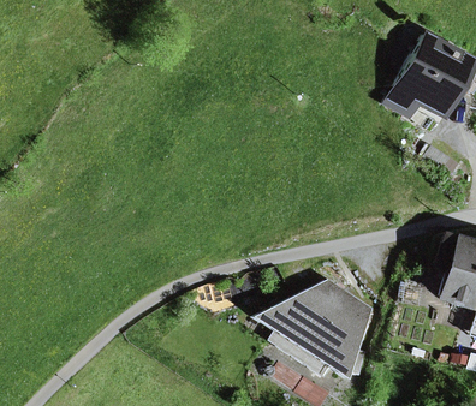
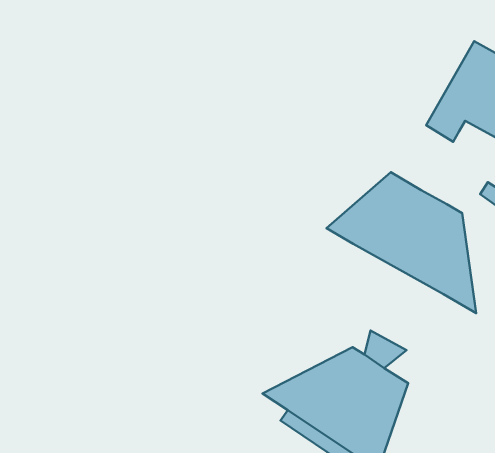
building: none -> [326,172,476,313]

